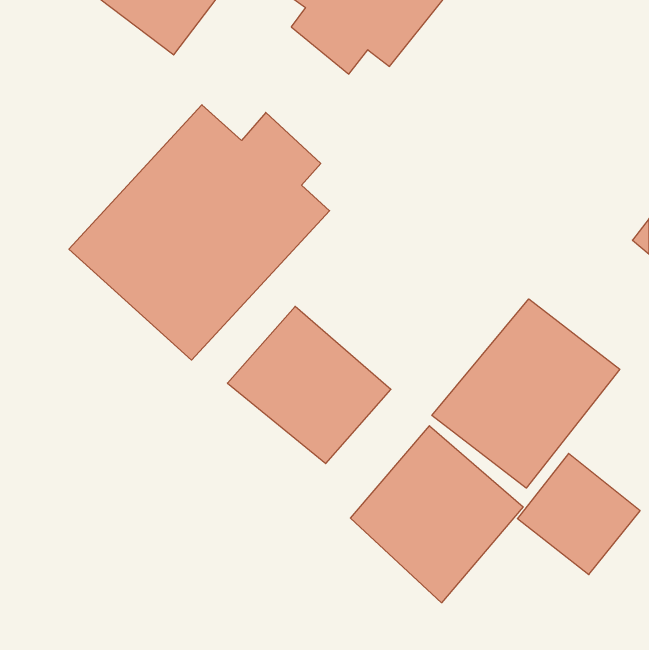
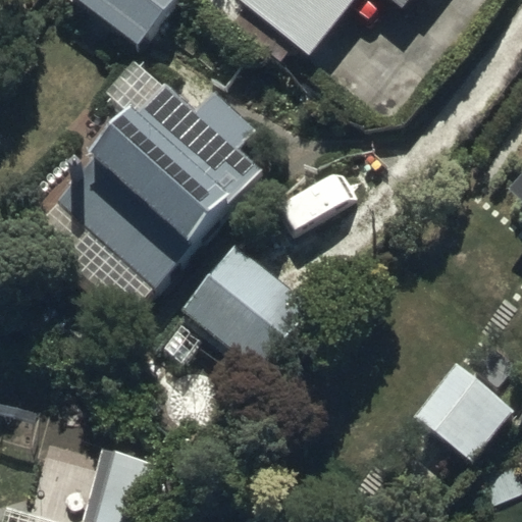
building: [432,299,620,488] -> none
building: [350,426,523,603] -> none

